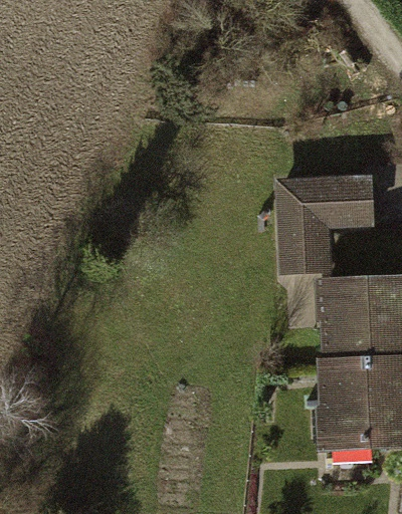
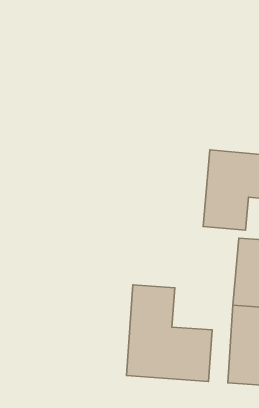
building: none -> [126,285,212,381]

